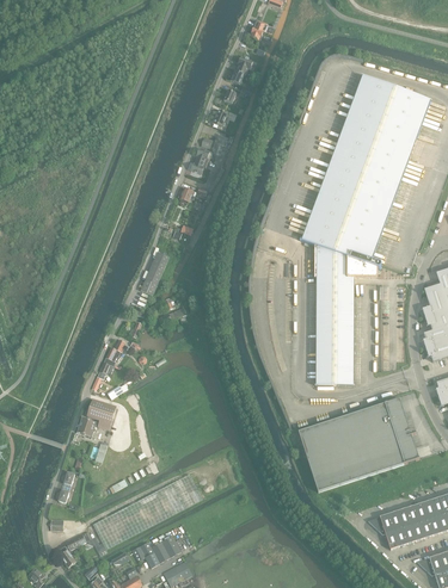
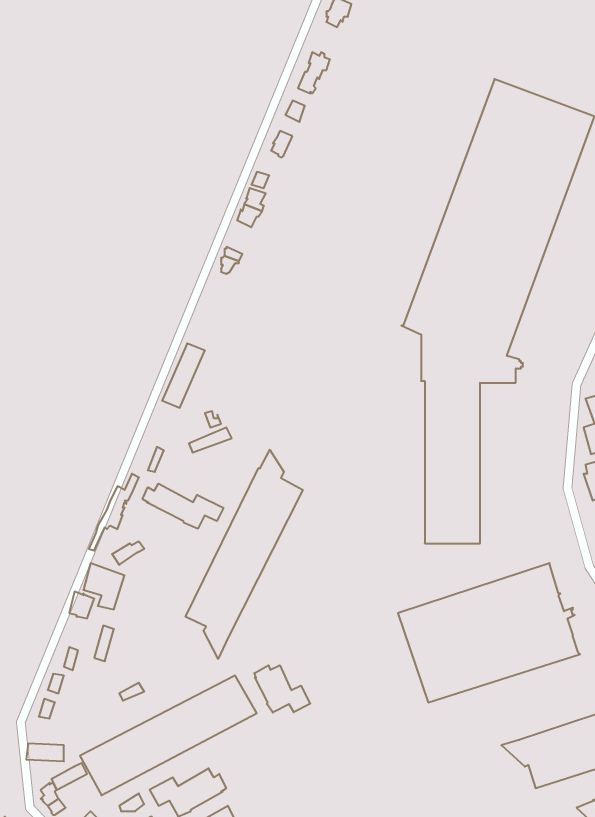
building: none -> [186,450,303,659]
building: none -> [143,484,224,529]
building: none -> [254,665,310,713]

